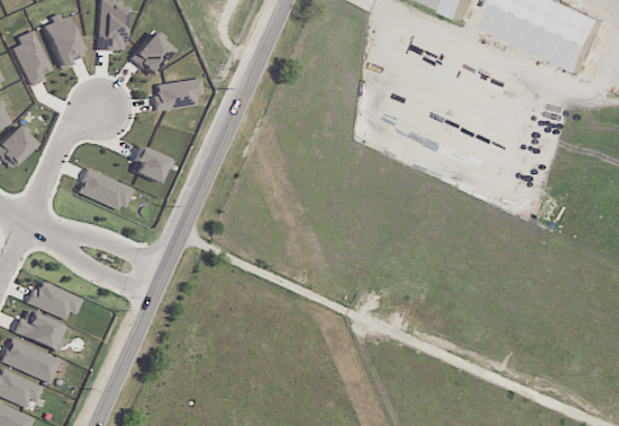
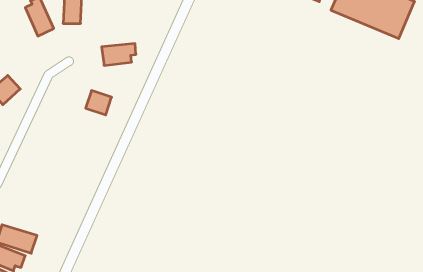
building: [11,29,52,85] -> none
building: [128,29,173,74] -> none
building: [75,168,131,211] -> none
building: [27,280,77,320] -> none
building: [12,310,64,350] -> none

